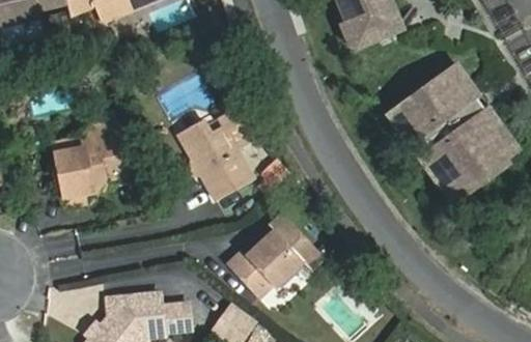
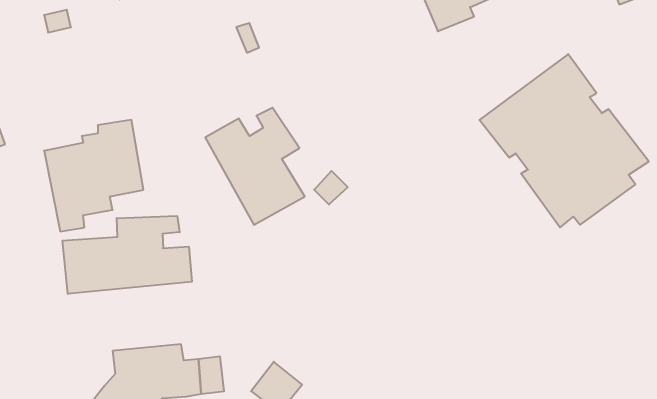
building: none -> [63,216,192,294]
building: [226,211,324,296] -> none

